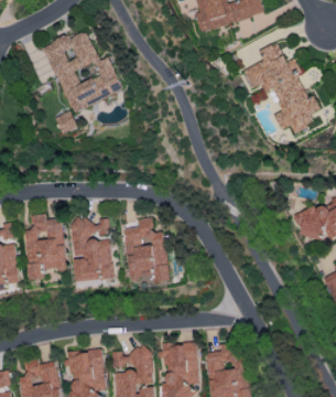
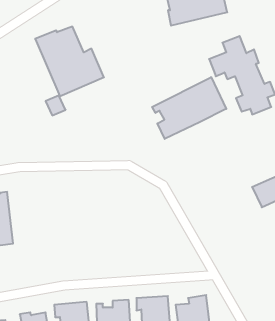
building: none -> [152,77,226,139]
building: [23,214,66,280] -> none
building: [71,218,113,282] -> none
building: [122,218,171,285] -> none

